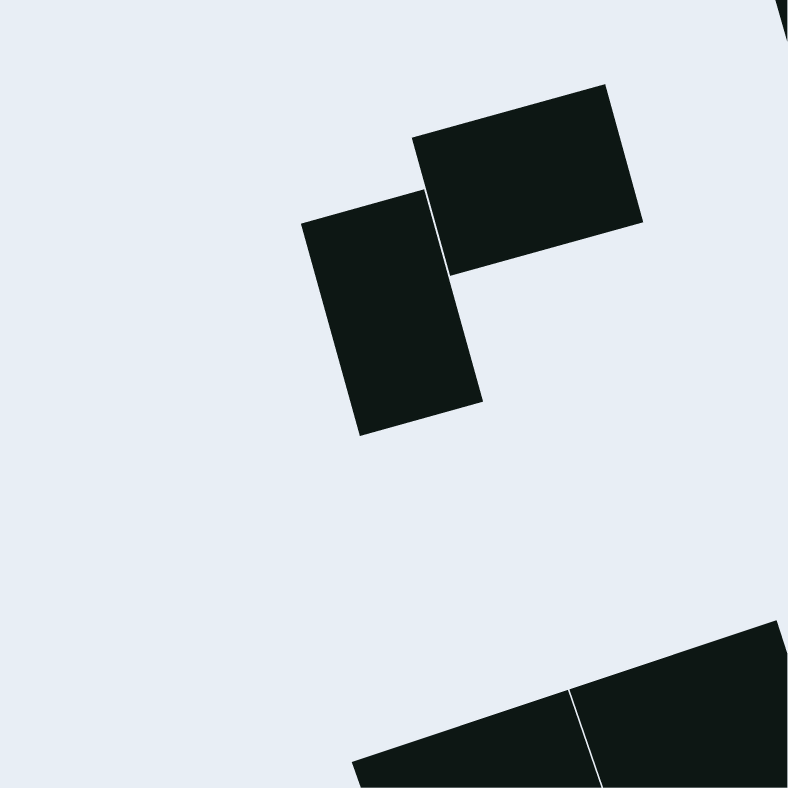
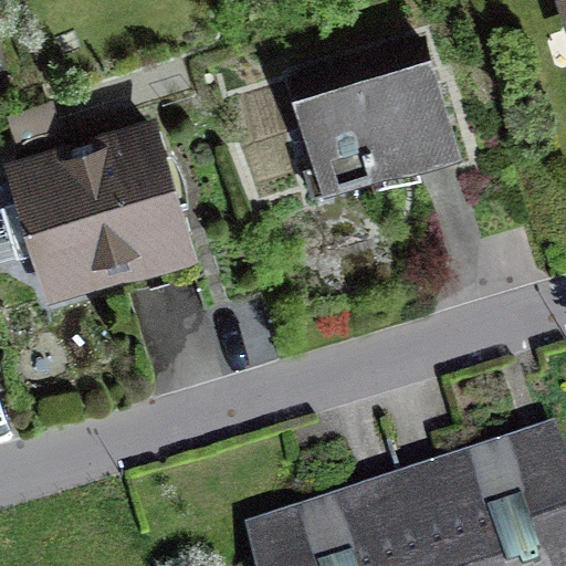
building: none -> [4,123,196,306]
building: [300,188,484,437] -> none

